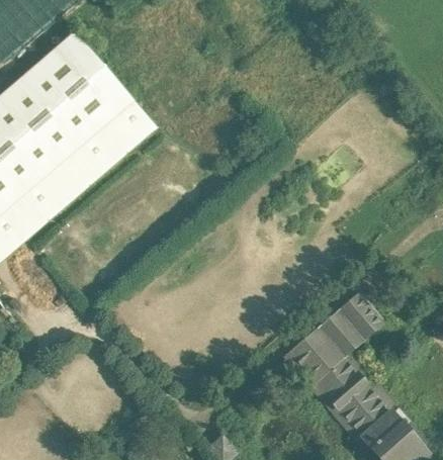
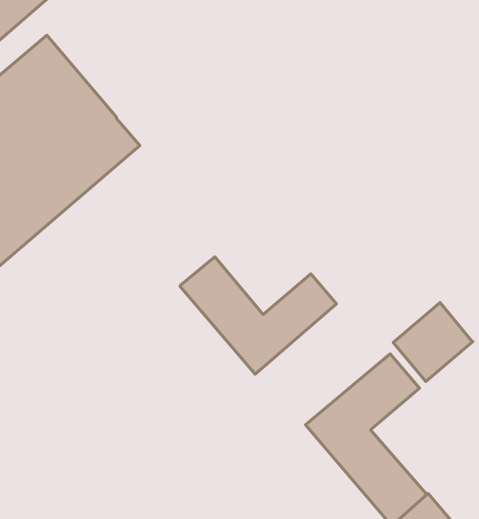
building: none -> [180,257,337,374]
building: none -> [393,303,473,382]

